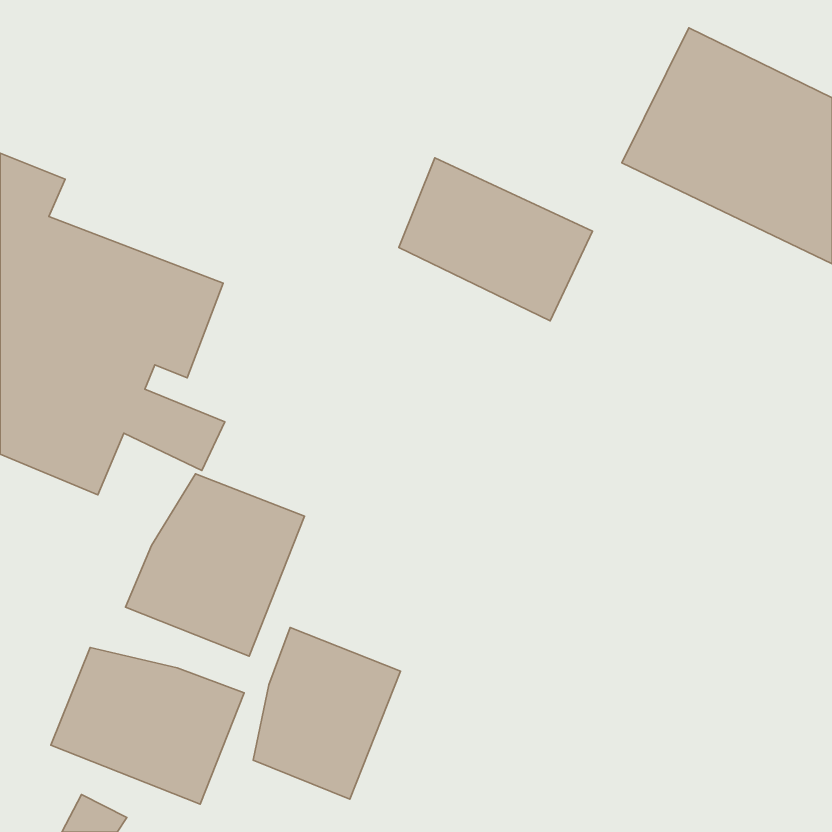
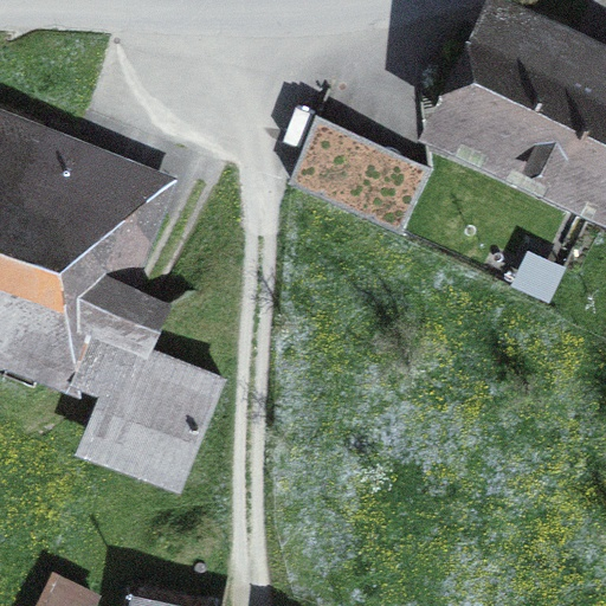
building: [253,627,401,799] -> none
building: [51,647,244,804] -> none

